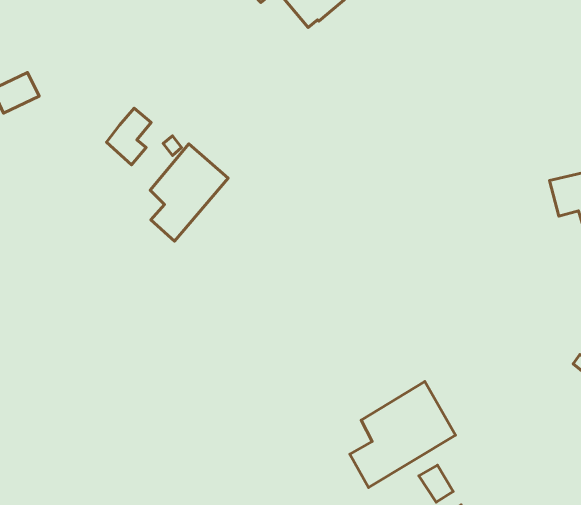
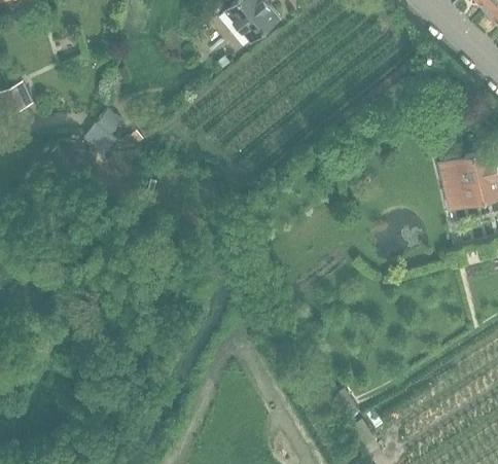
building: [150,144,228,241] -> none
building: [350,381,456,488] -> none

